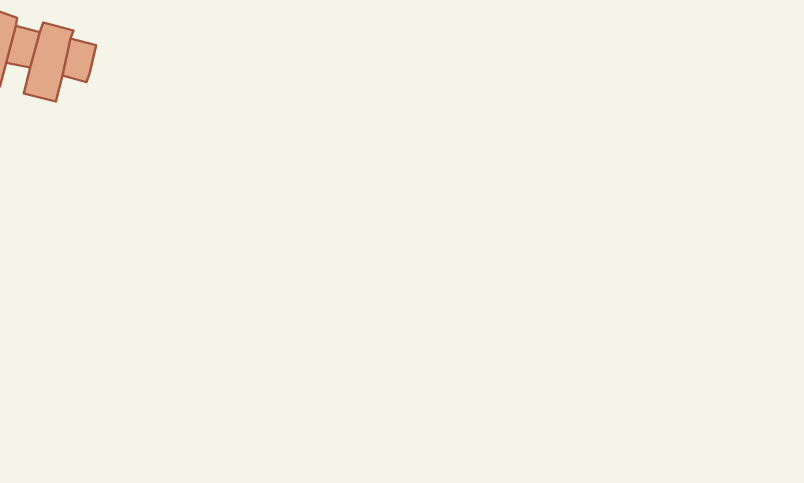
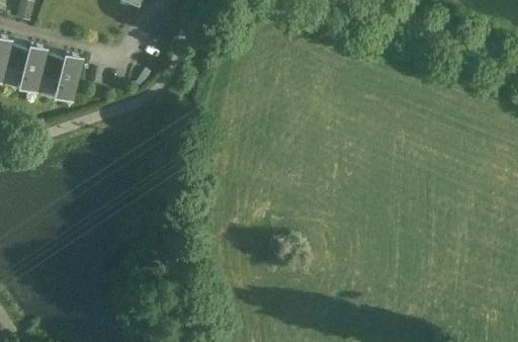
building: none -> [52,54,83,103]

